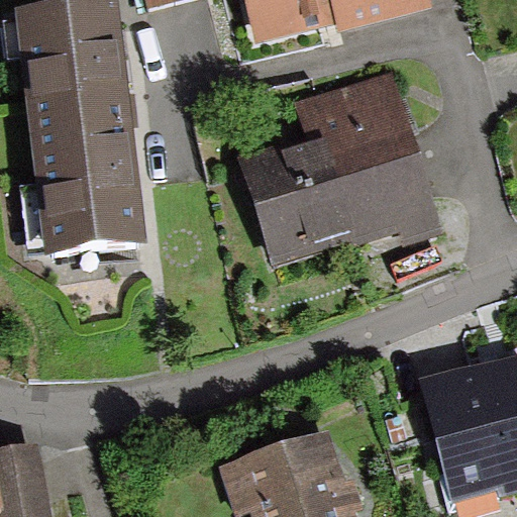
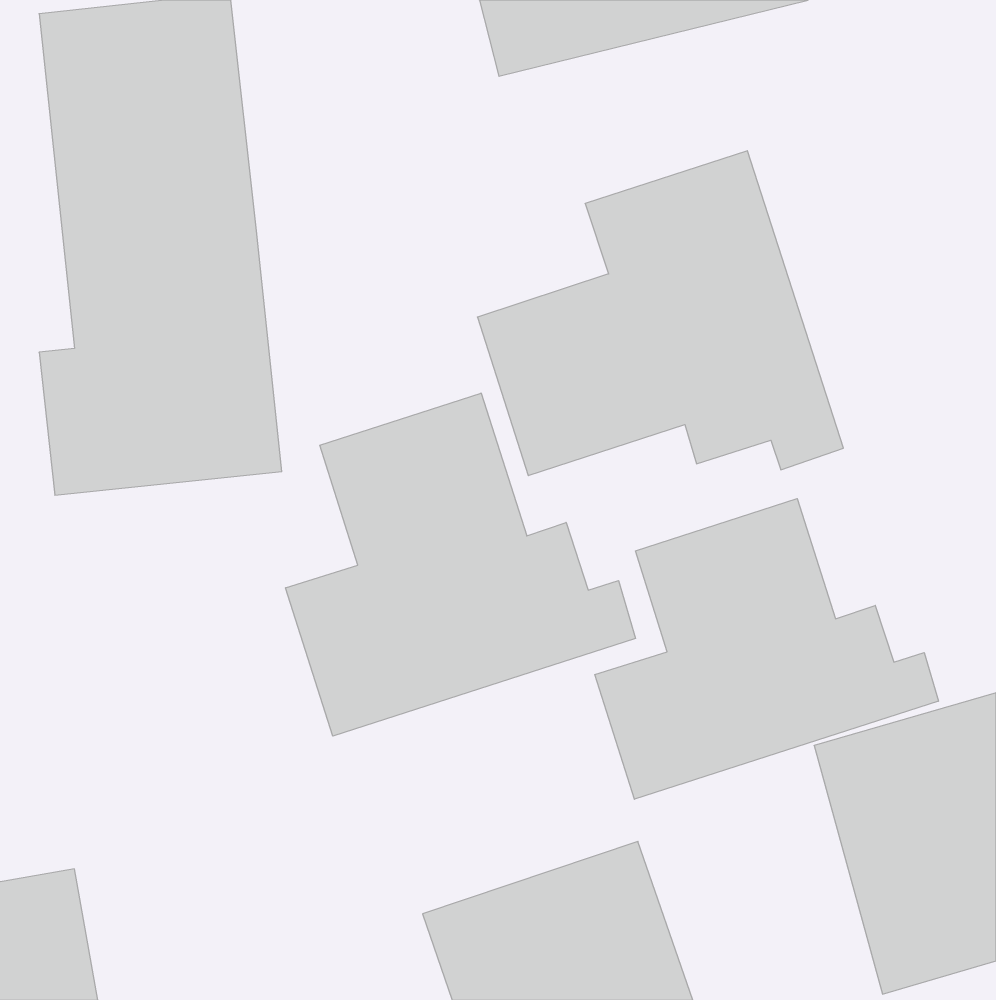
building: none -> [286,393,636,736]
building: none -> [595,499,938,799]

